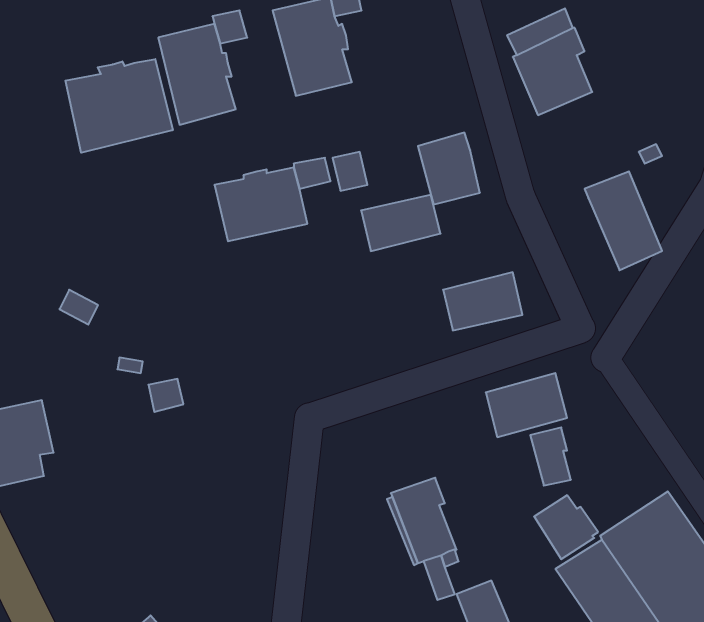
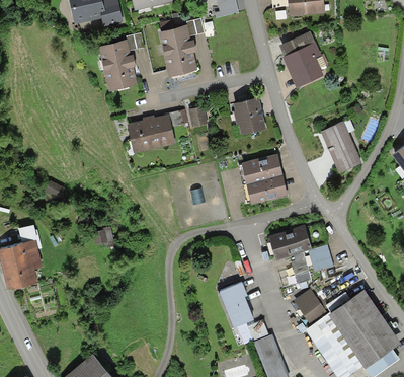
building: [65,59,173,153] -> none
building: [361,195,441,251] -> [241,152,282,181]
building: none -> [308,244,333,272]

